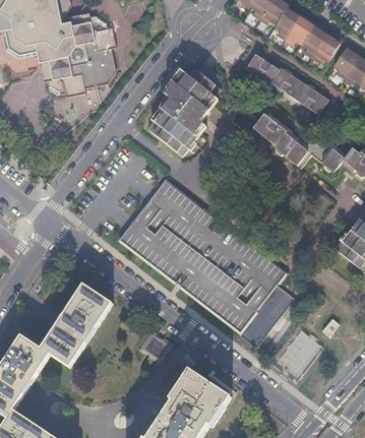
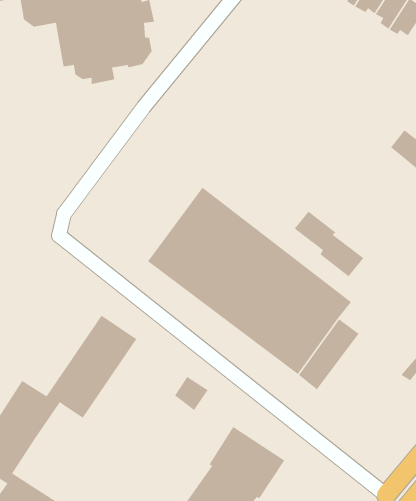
building: [238,52,323,108] -> none
building: [150,59,226,157] -> none
building: [254,108,310,161] -> [294,211,364,277]

